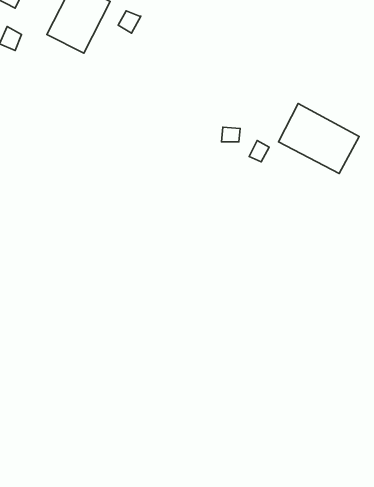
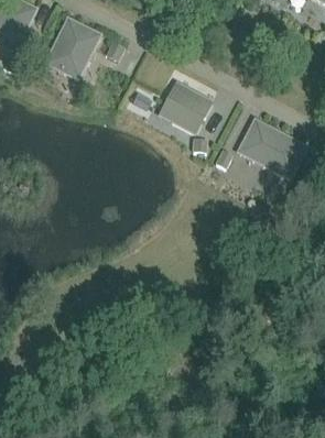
building: none -> [166,83,210,132]

